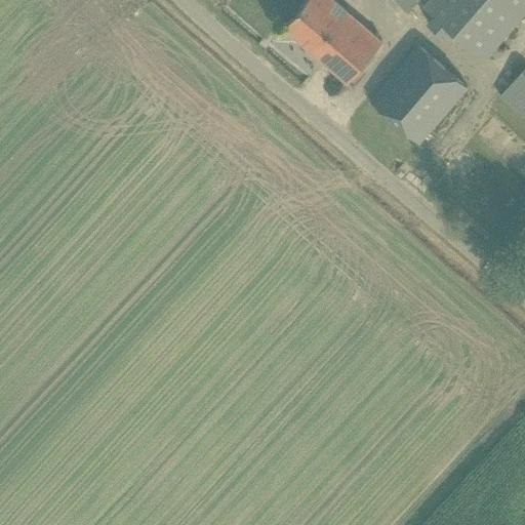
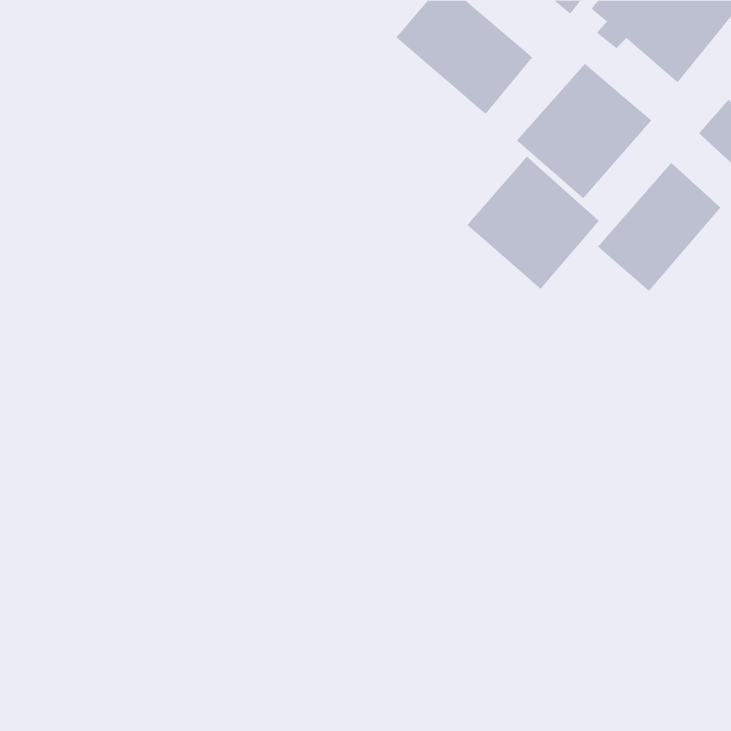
building: none -> [466,156,599,290]
building: none -> [597,162,721,292]

